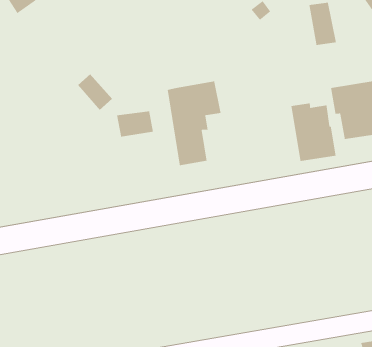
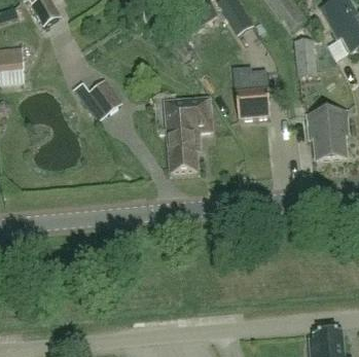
building: [290,102,336,162] -> [234,67,270,117]
building: [116,111,154,138] -> none

